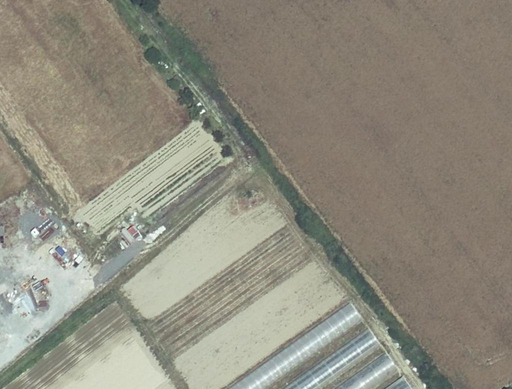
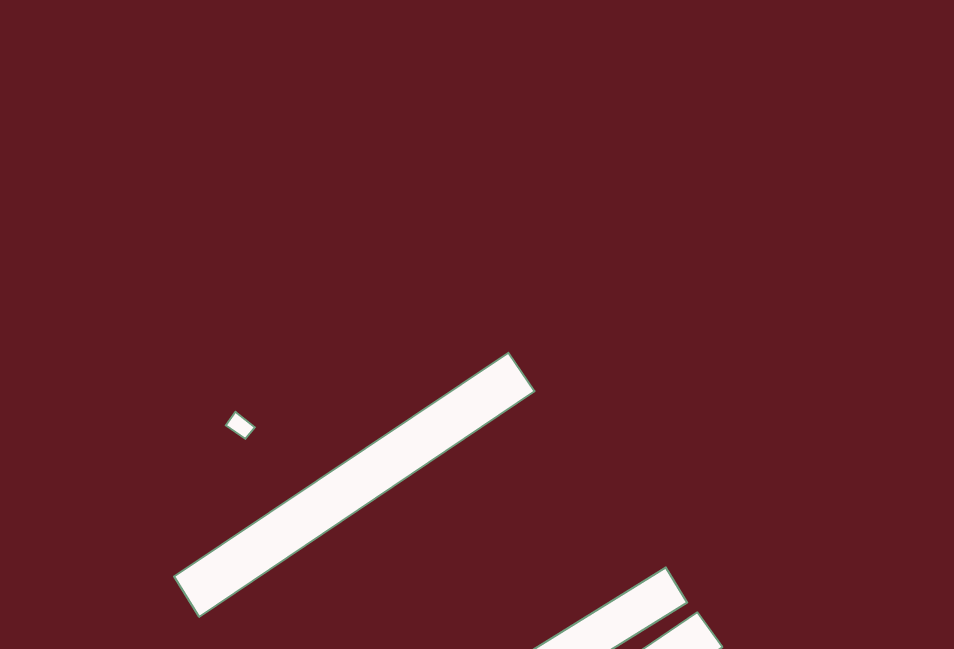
building: none -> [174,353,535,617]

